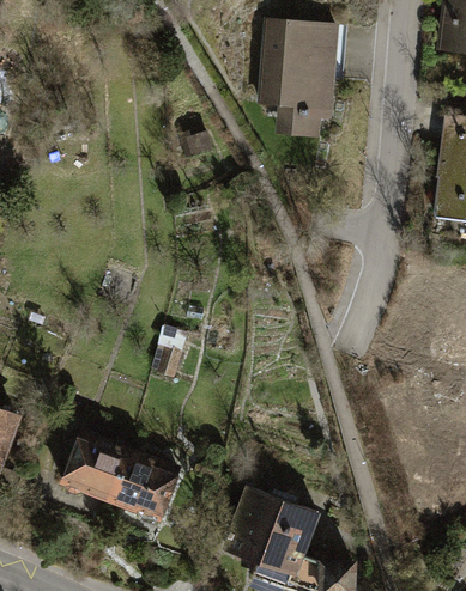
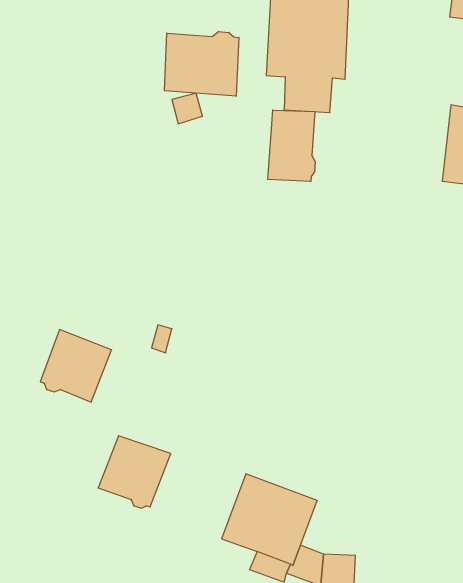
building: none -> [165,31,239,96]
building: none -> [268,110,315,182]
building: [61,431,128,499] -> [40,330,112,402]

